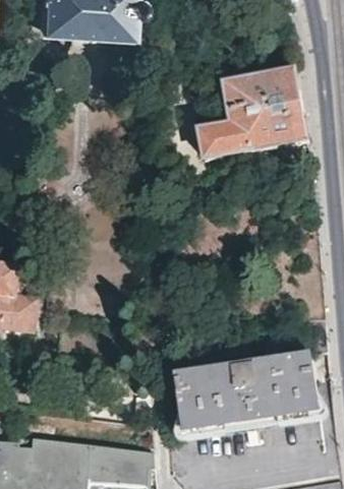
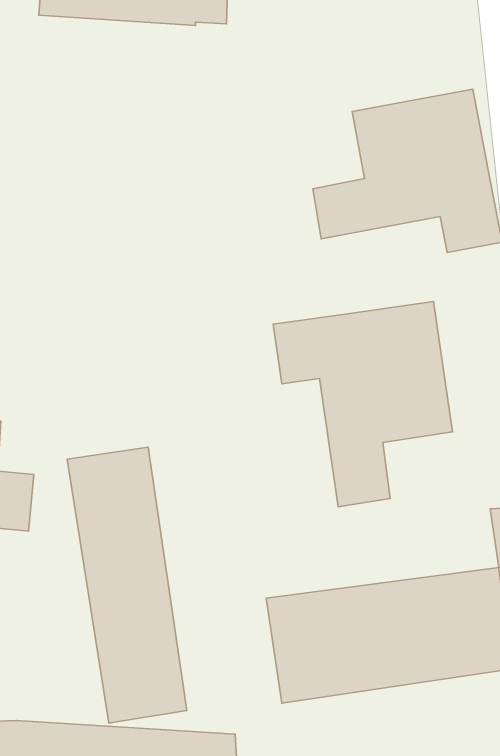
building: none -> [273,302,453,507]
building: none -> [67,447,187,723]

